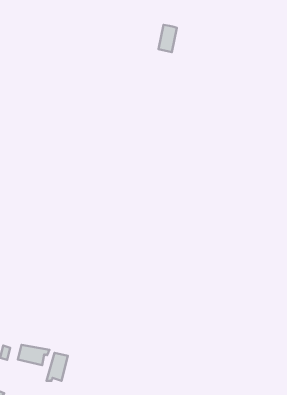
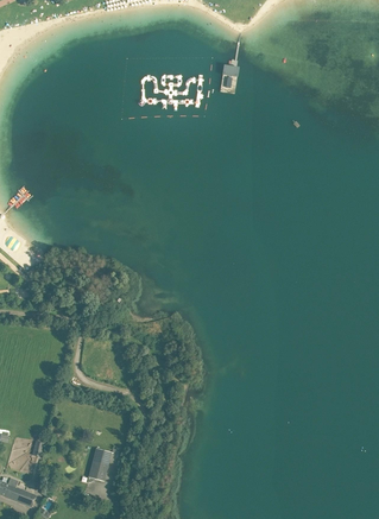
building: [18,345,49,365] -> none

